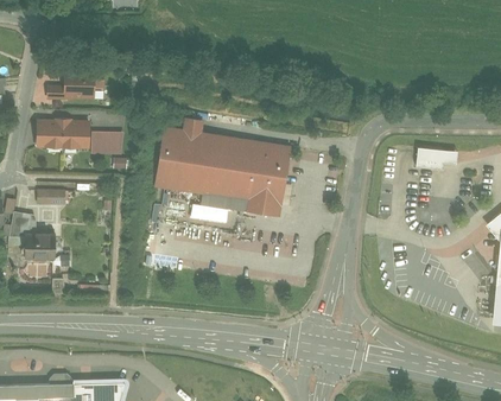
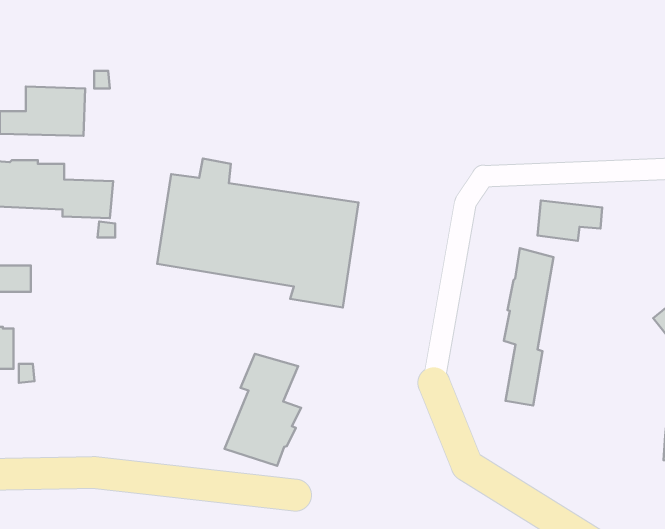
building: none -> [504,248,553,405]
building: none -> [224,354,301,466]

